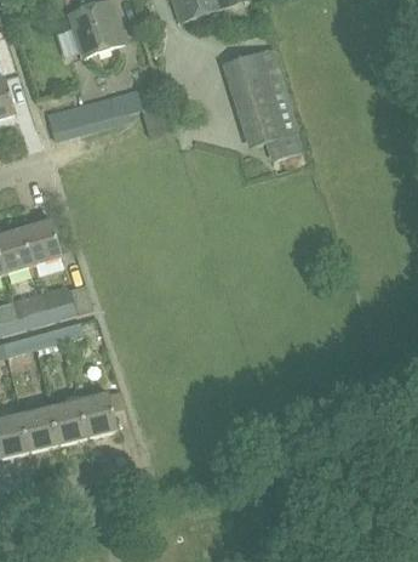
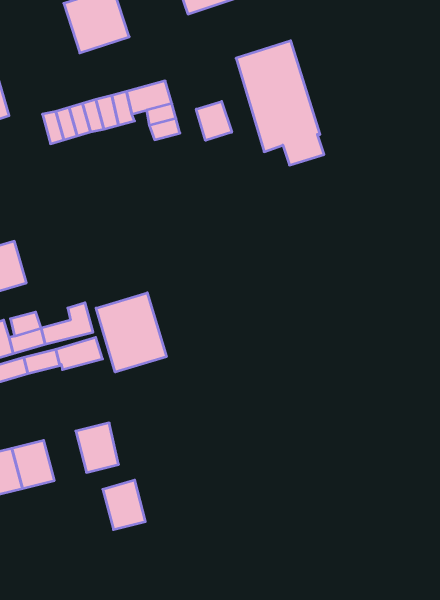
building: none -> [196,101,232,140]
building: [21,220,61,266] -> none
building: none -> [96,293,166,372]
building: [47,401,86,445] -> [103,480,145,530]

